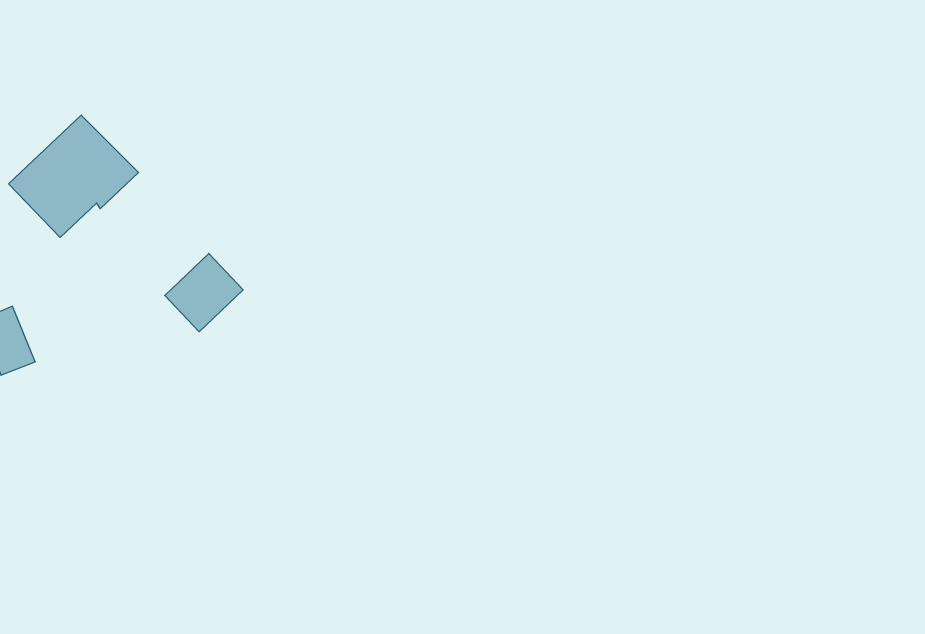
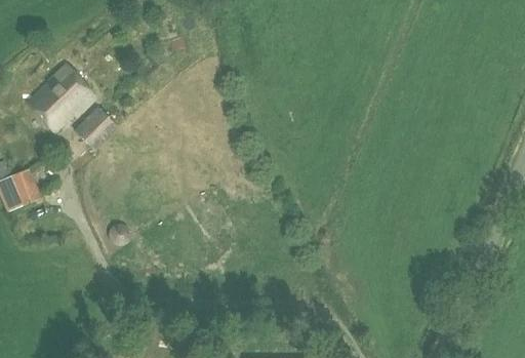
building: [165,253,243,332] -> [73,107,115,149]

